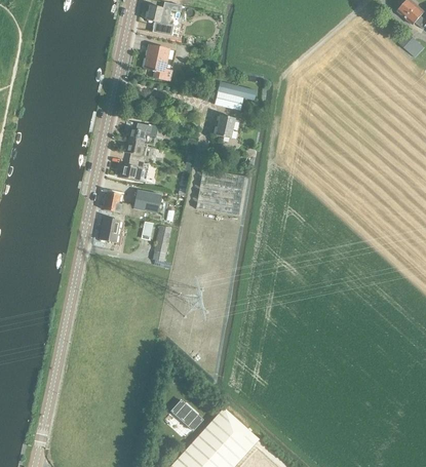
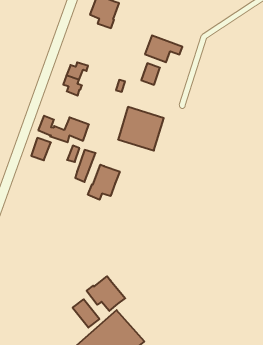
building: [118,160,148,182] -> none
building: none -> [88,165,120,200]
building: none -> [87,276,125,311]

